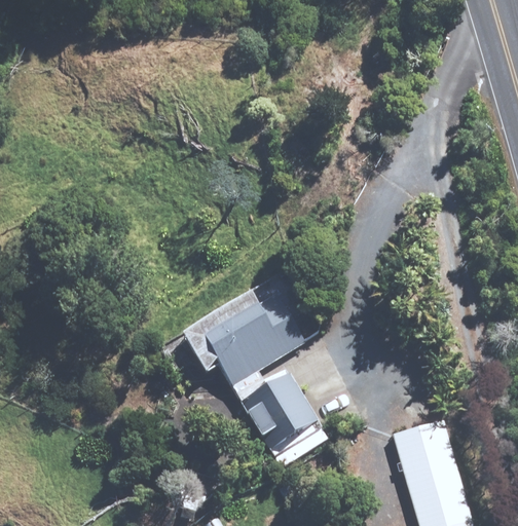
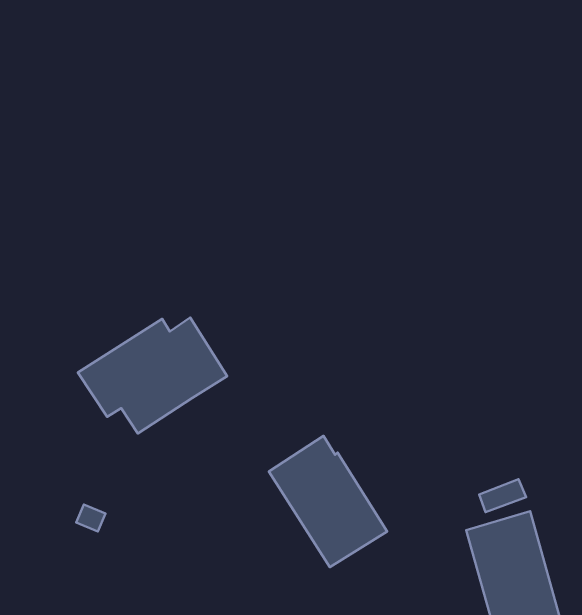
building: [184,293,304,386] -> [78,318,227,434]

